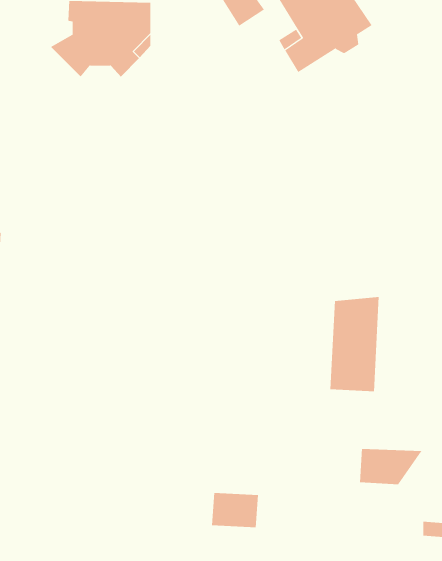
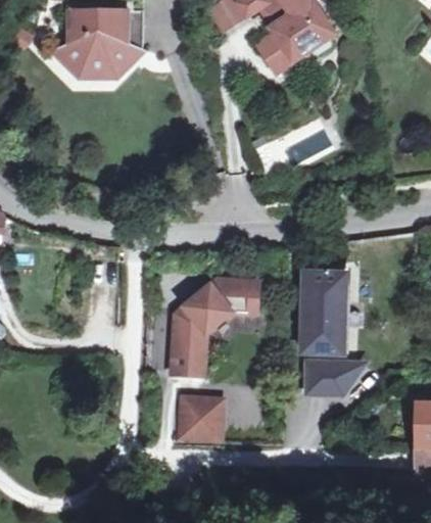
building: none -> [172,281,256,377]
building: [359,449,423,485] -> [304,365,362,397]
building: [211,493,259,528] -> [171,405,213,436]

